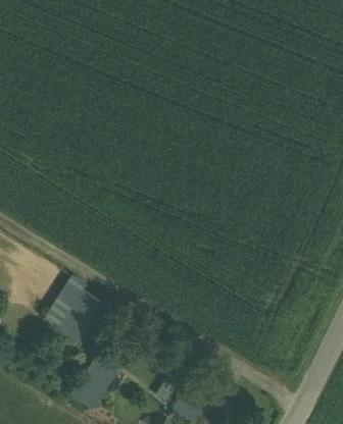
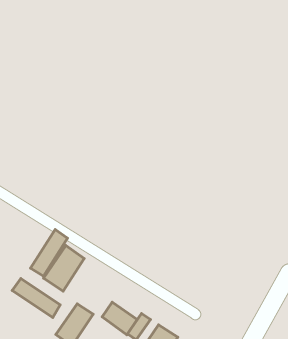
building: none -> [12,278,60,318]
building: none -> [102,302,137,335]

